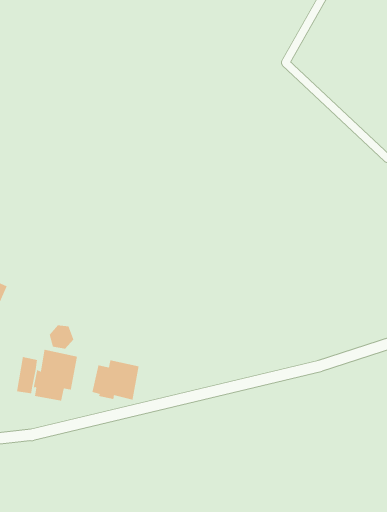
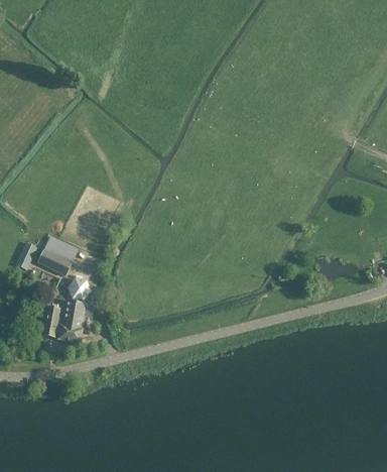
building: none -> [36,235,76,274]
building: [92,359,139,400] -> none

